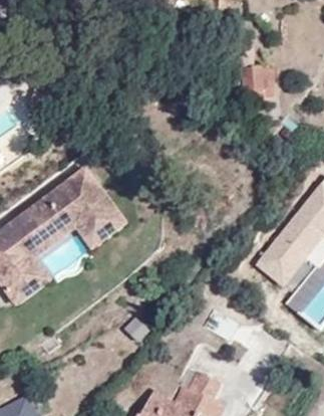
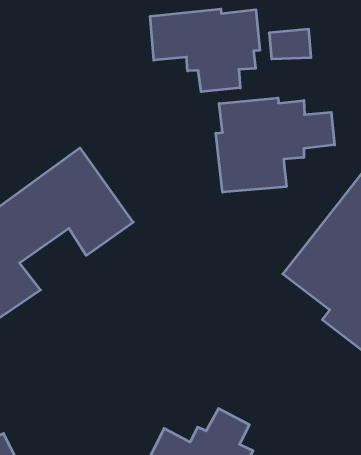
building: none -> [150,9,260,92]
building: none -> [216,98,335,192]

